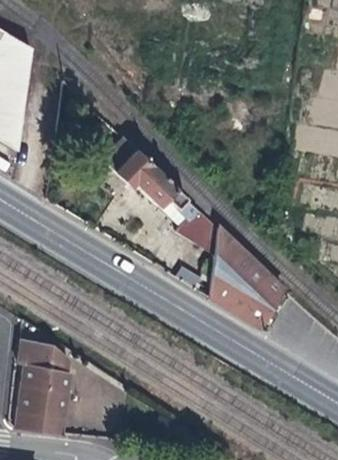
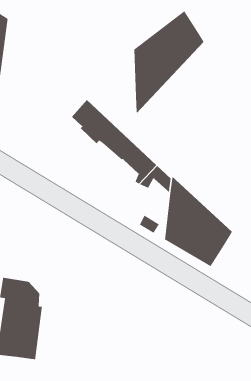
building: none -> [134,10,205,114]

